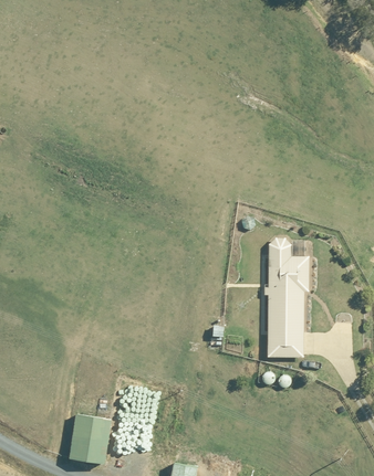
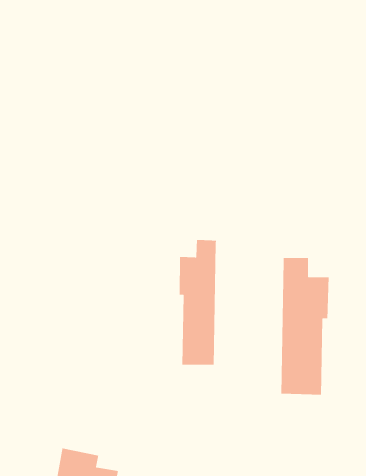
building: none -> [179,239,217,365]

